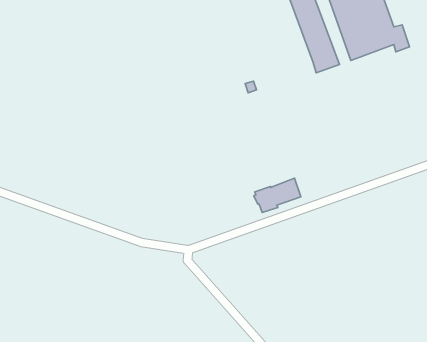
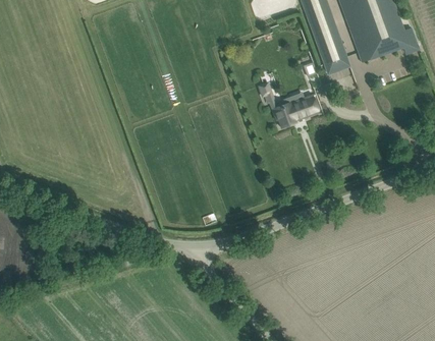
building: [254,178,301,213] -> [272,93,318,126]

